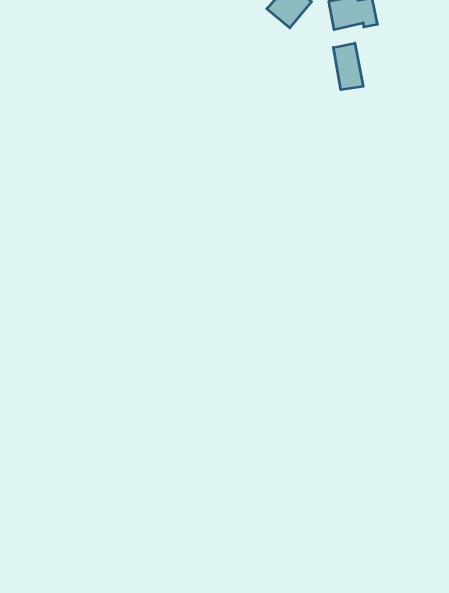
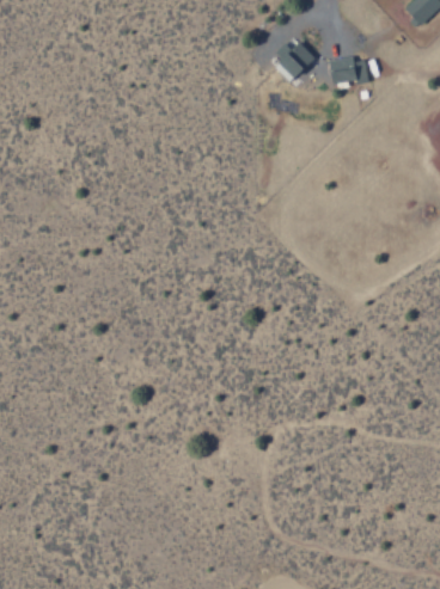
building: [333,43,363,90] -> none

